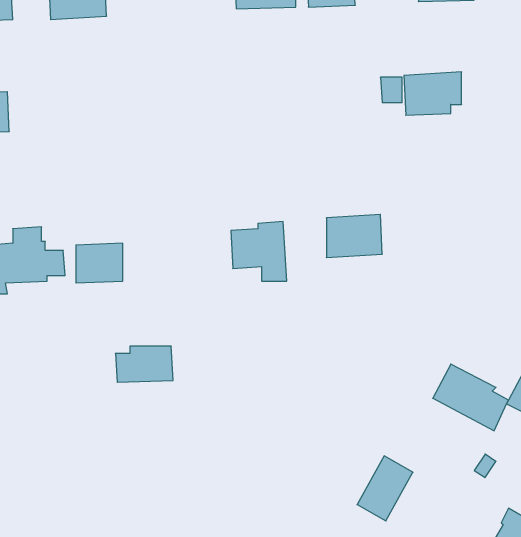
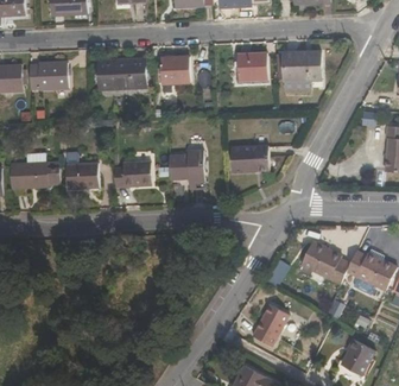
building: none -> [236,52,266,80]
building: none -> [159,56,189,91]
building: none -> [97,58,145,88]
building: none -> [28,62,68,89]
building: [115,346,173,382] -> [113,163,151,186]

